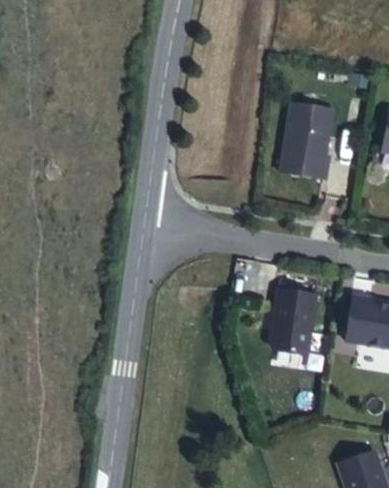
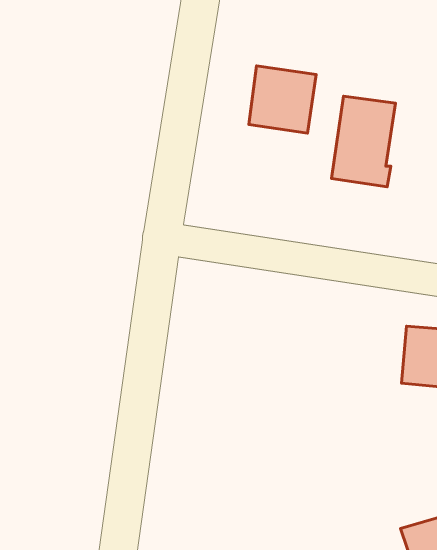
building: none -> [249,66,316,133]
building: [269,288,317,353] -> none

